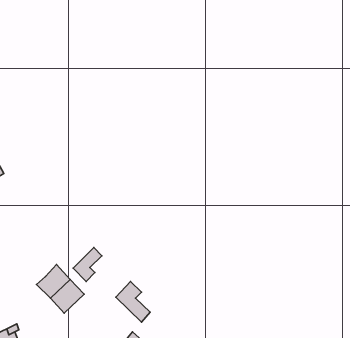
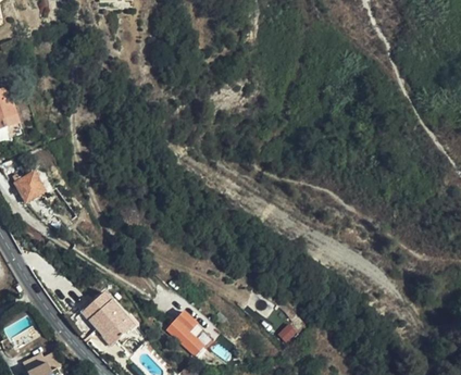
building: [73,248,102,282] -> none

